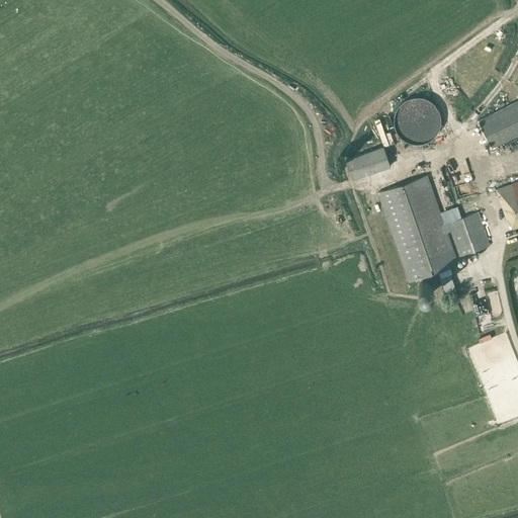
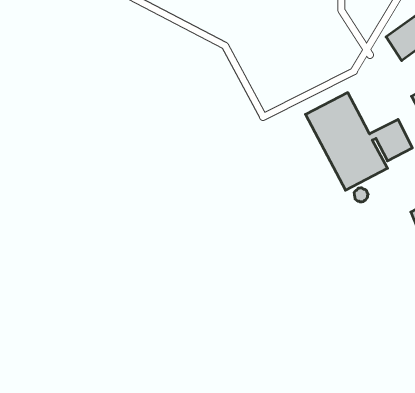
building: [396,96,442,144] -> none
building: [347,146,393,179] -> none

